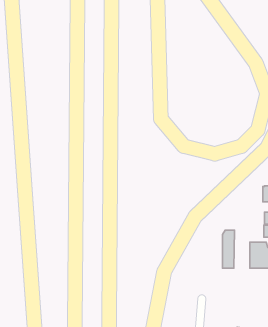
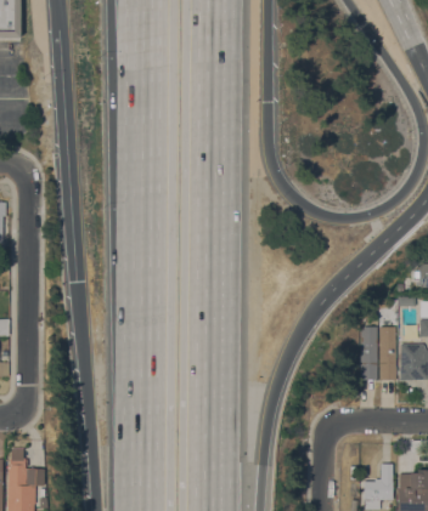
building: none -> [379,327,396,380]

